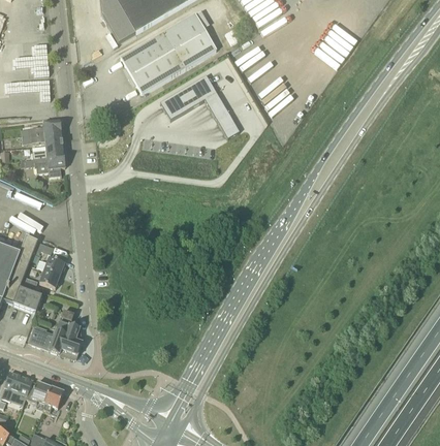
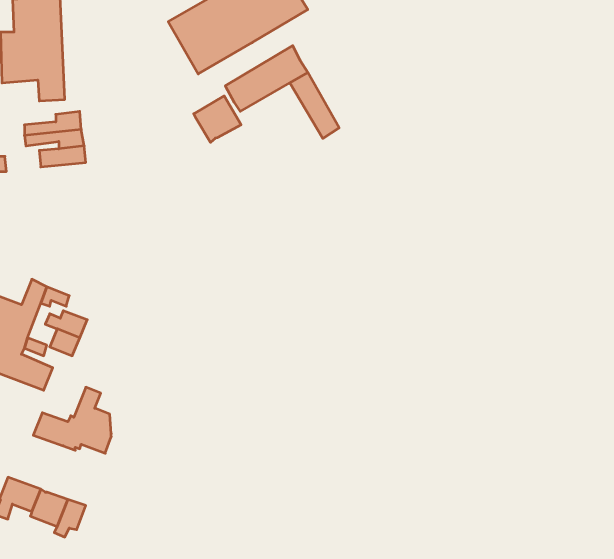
building: none -> [194,96,241,142]
building: [24,153,64,174] -> none

